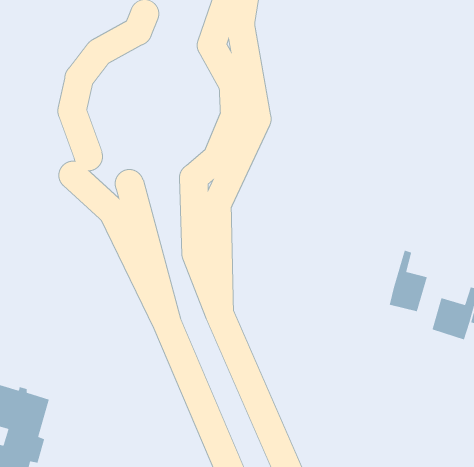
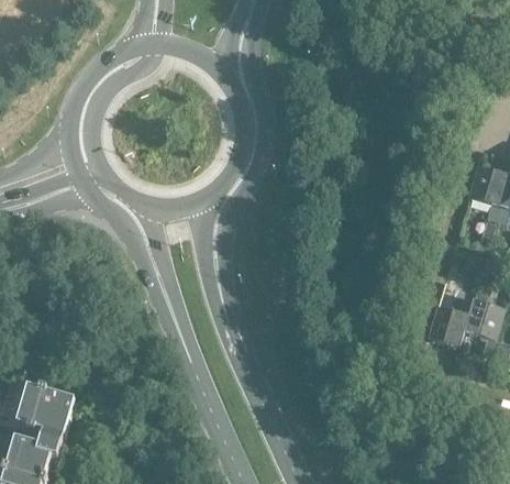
building: [389,250,428,312] -> none

